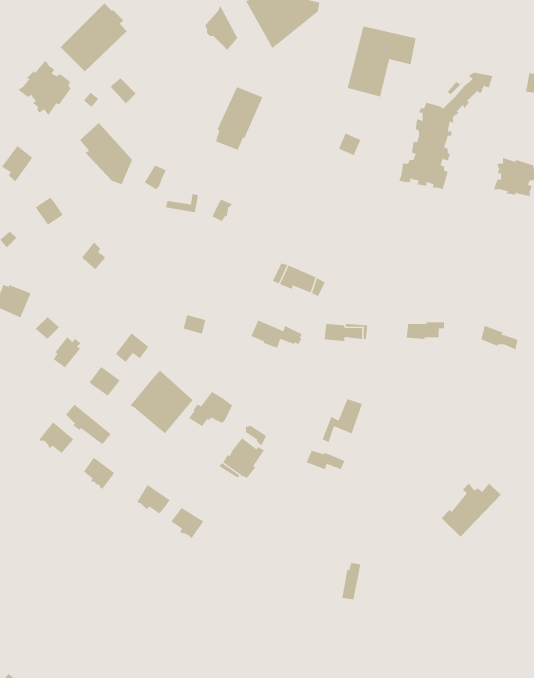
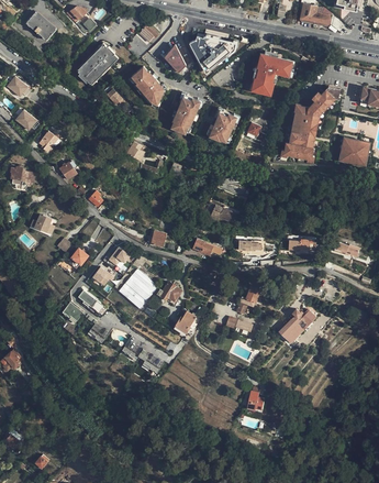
building: [17,60,72,115] -> none
building: none -> [209,109,236,141]
building: [79,122,133,185] -> [131,65,164,103]
building: [441,482,501,538] -> [279,309,316,343]

